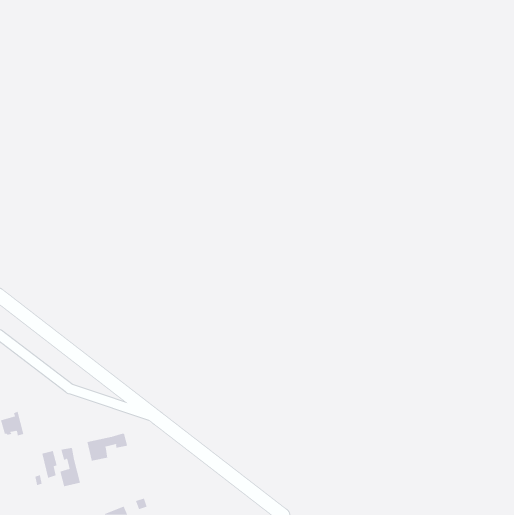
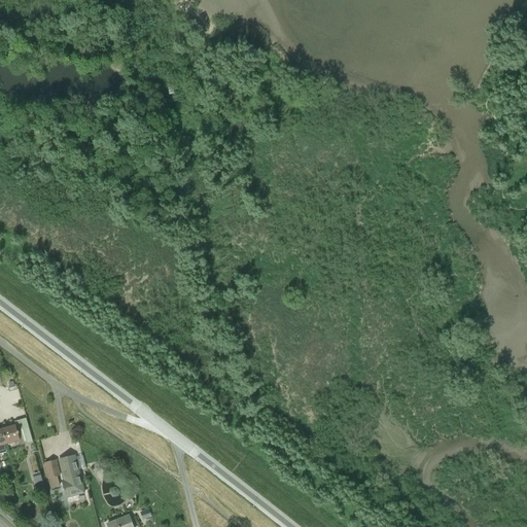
building: [87,433,128,461] -> none

